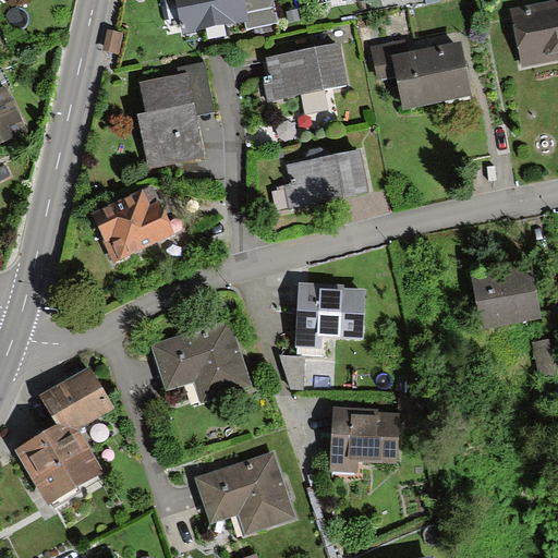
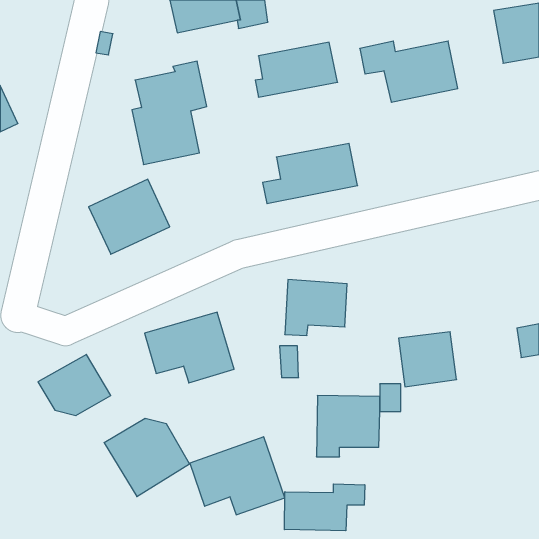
building: [472,269,532,326] -> [399,332,457,387]
building: [14,424,102,505] -> [104,419,190,497]
building: none -> [284,484,365,531]

